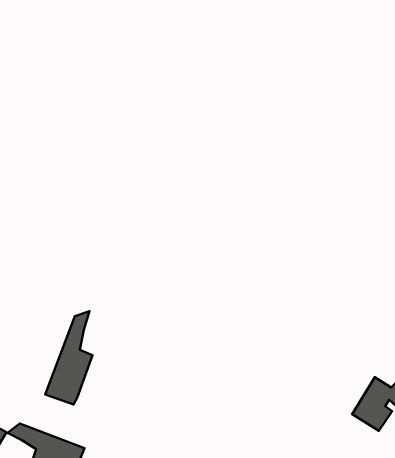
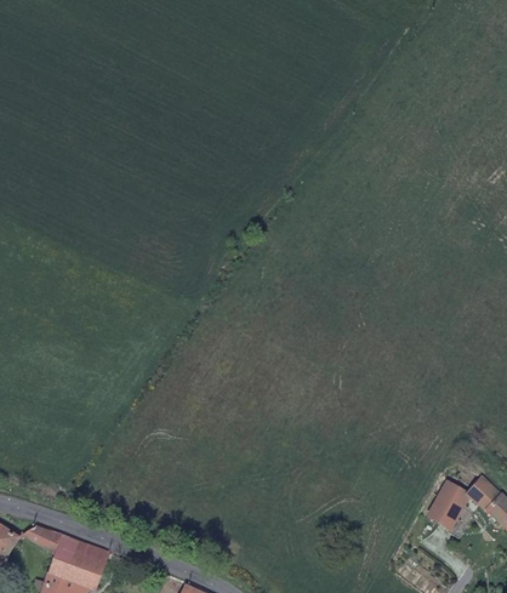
building: [45,311,93,404] -> none

